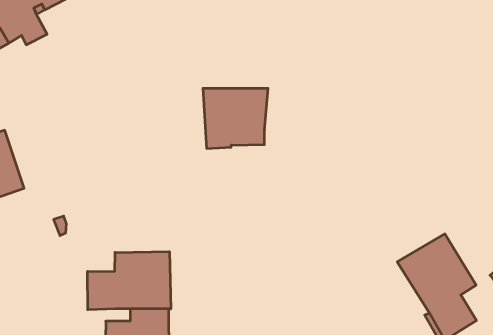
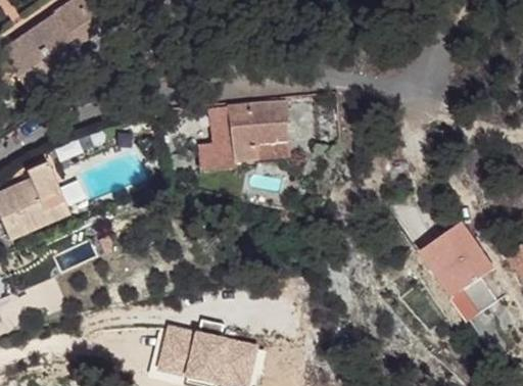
building: none -> [197,106,234,171]
building: [88,252,171,310] -> none

